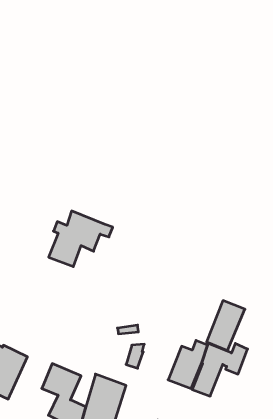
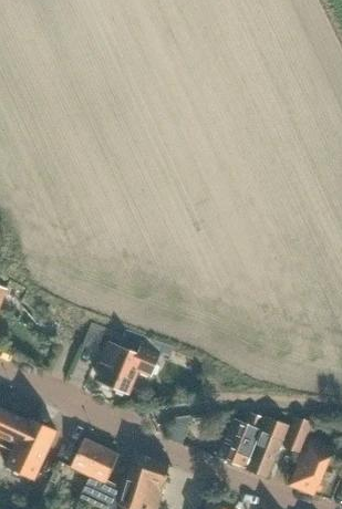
building: [49,211,113,267] -> [99,330,173,394]
building: [207,301,245,351] -> [289,438,333,496]

